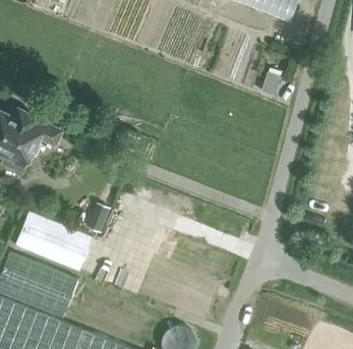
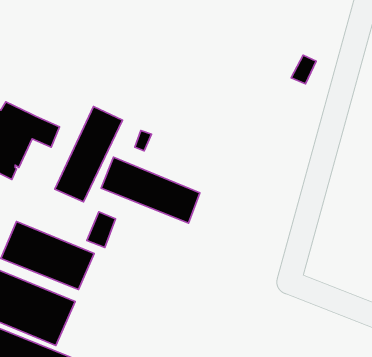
building: none -> [55,107,123,202]
building: none -> [101,157,200,223]

